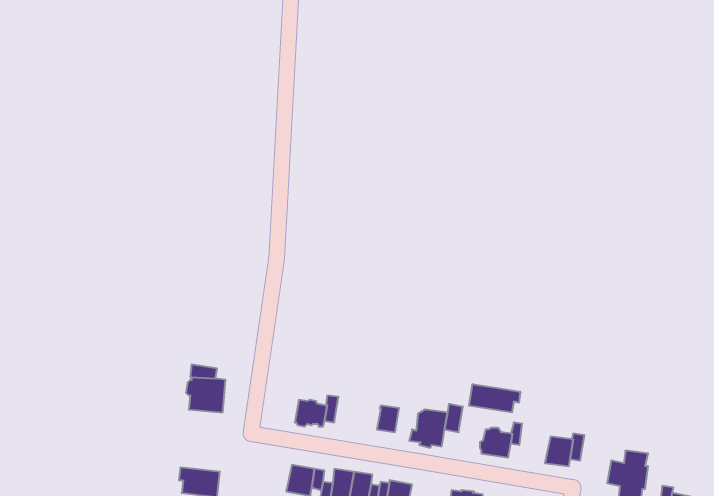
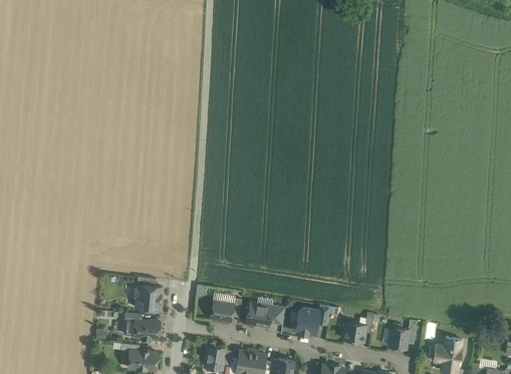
building: [469,384,520,412] -> none
building: none -> [244,303,271,326]
building: none -> [133,320,159,339]

